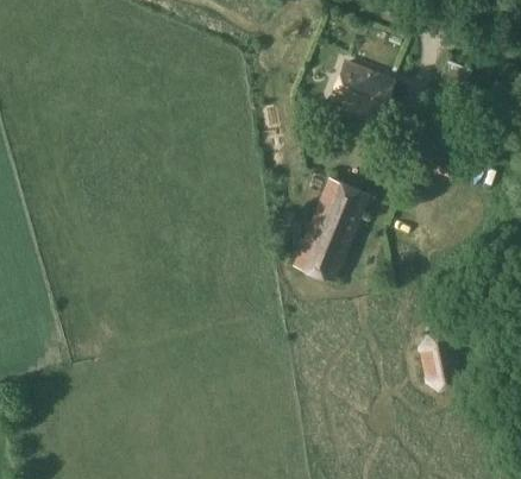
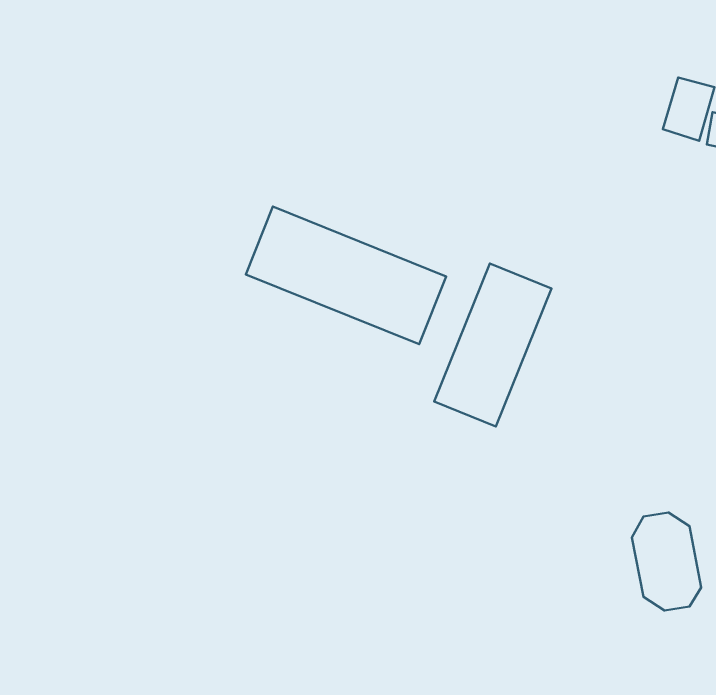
building: [332,63,390,115] -> none
building: none -> [246,207,446,344]

